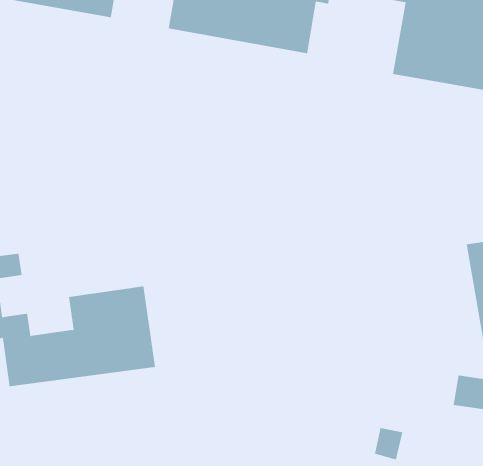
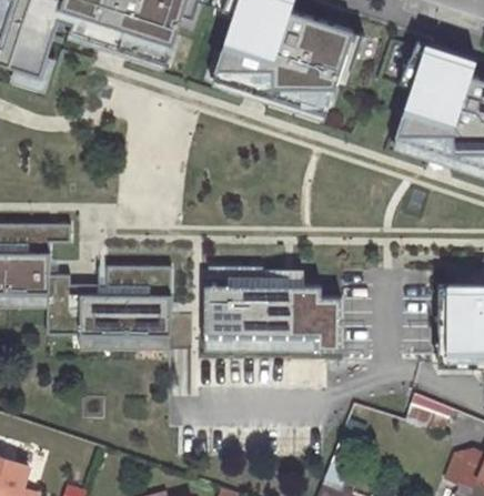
building: none -> [208,282,341,352]

